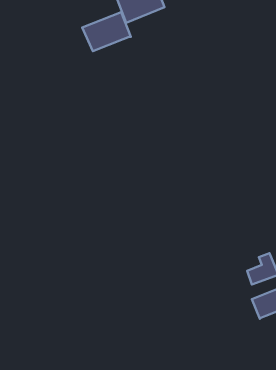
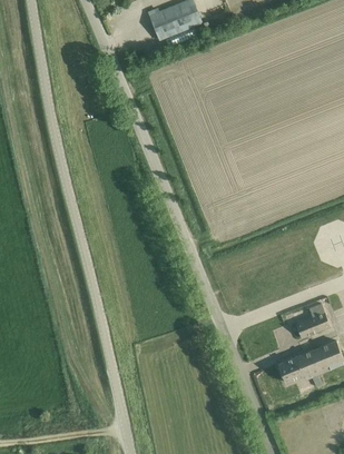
building: [82,12,131,51] -> none
building: none -> [278,355,311,382]

